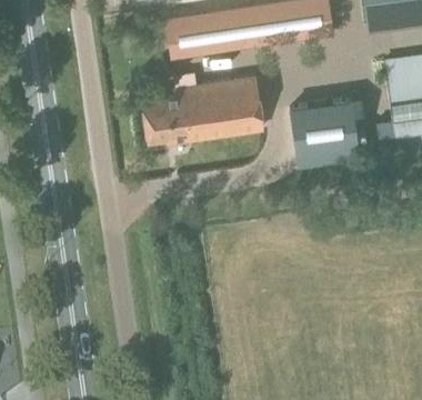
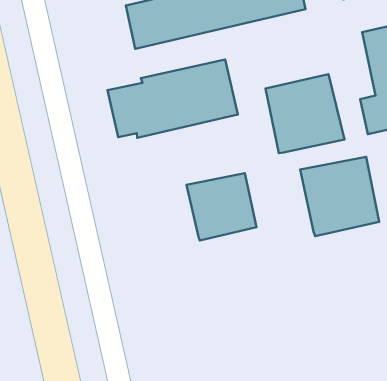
building: none -> [300,157,379,236]
building: none -> [187,173,256,241]

